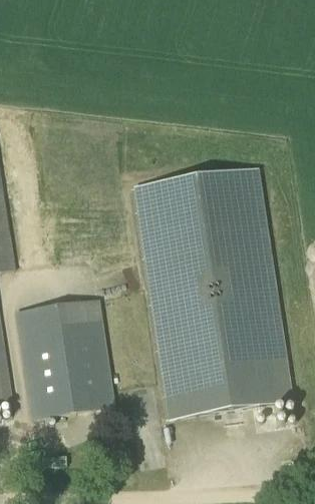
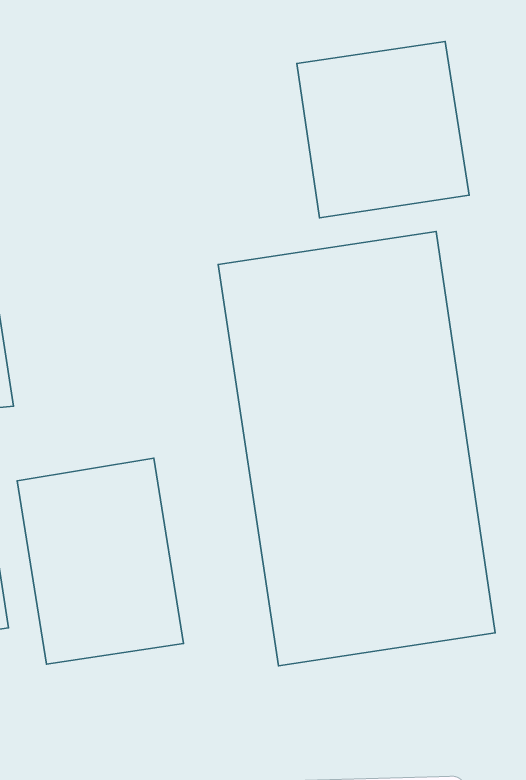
building: none -> [297,41,469,218]

